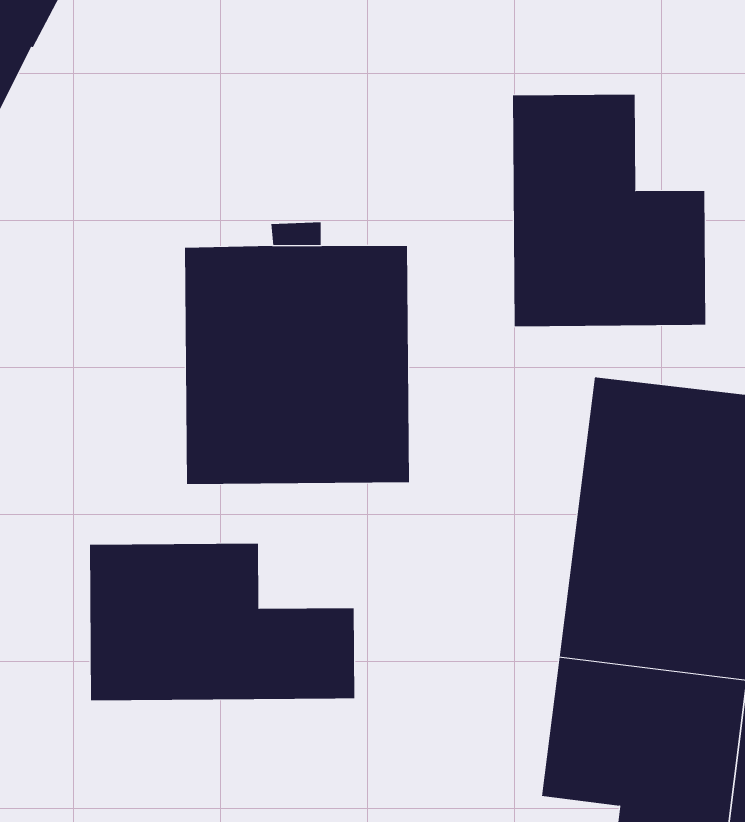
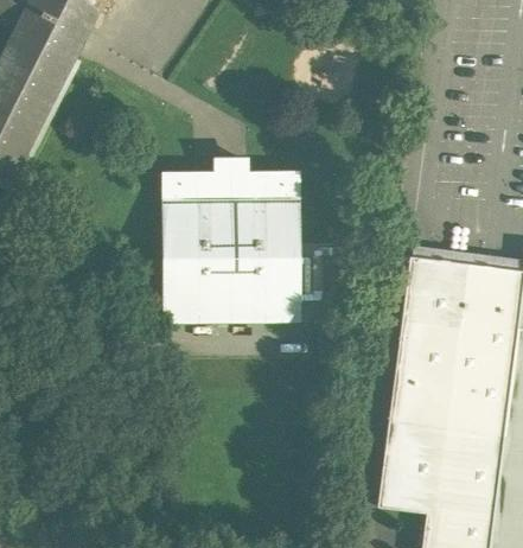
building: [512,94,706,327] -> none
building: [90,543,355,701] -> none

